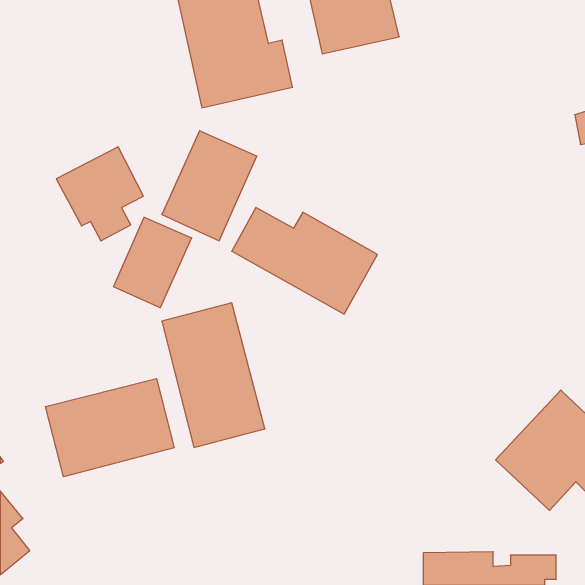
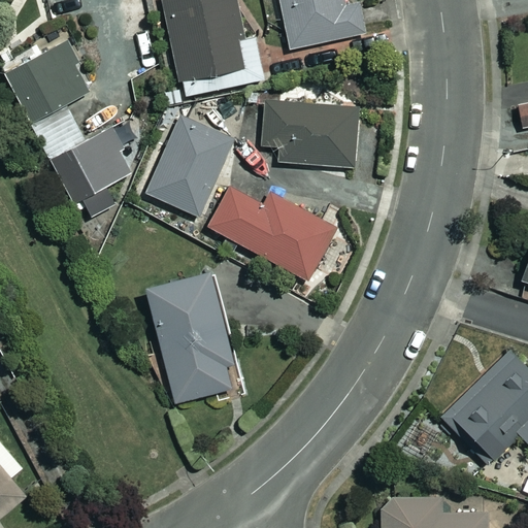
building: none -> [6,40,89,122]
building: none -> [261,101,358,168]
building: [114,217,192,308] -> none
building: [45,379,174,477] -> none

